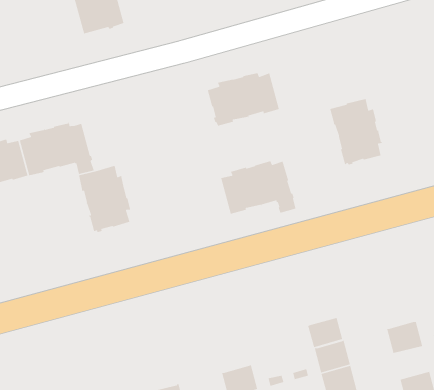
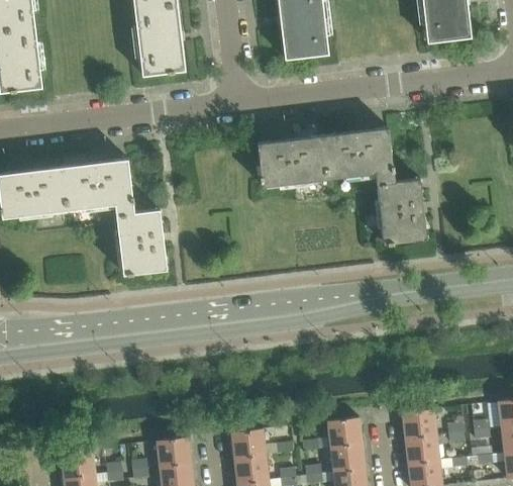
building: [219,160,296,215] -> [322,129,394,184]
building: [307,317,343,348] -> none
building: none -> [405,434,439,464]

